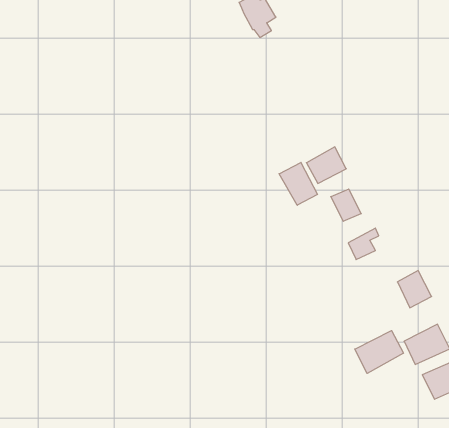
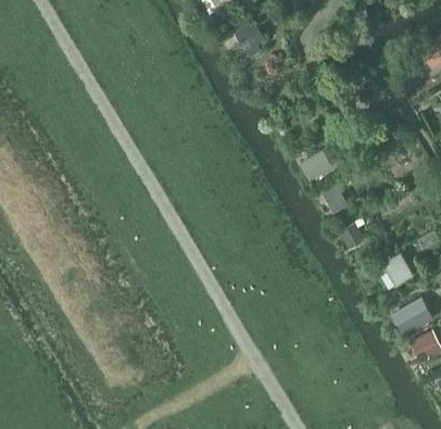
building: [279,162,317,205] -> none
building: [355,331,403,373] -> none

